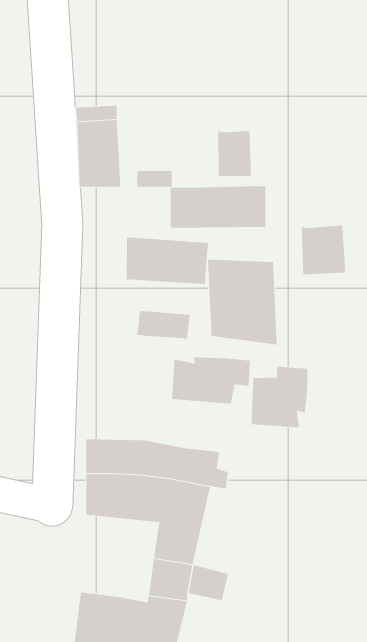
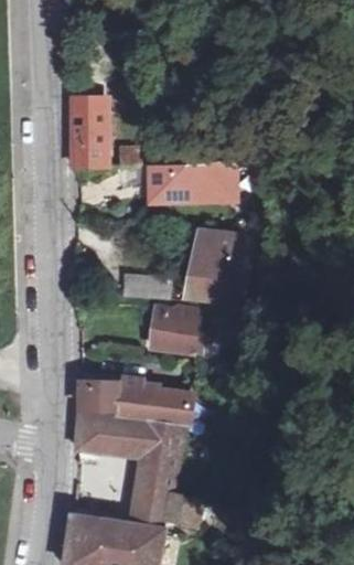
building: [218,130,251,177] -> none
building: [301,224,346,275] -> none
building: [126,236,208,285] -> none
building: [251,366,308,428] -> none

